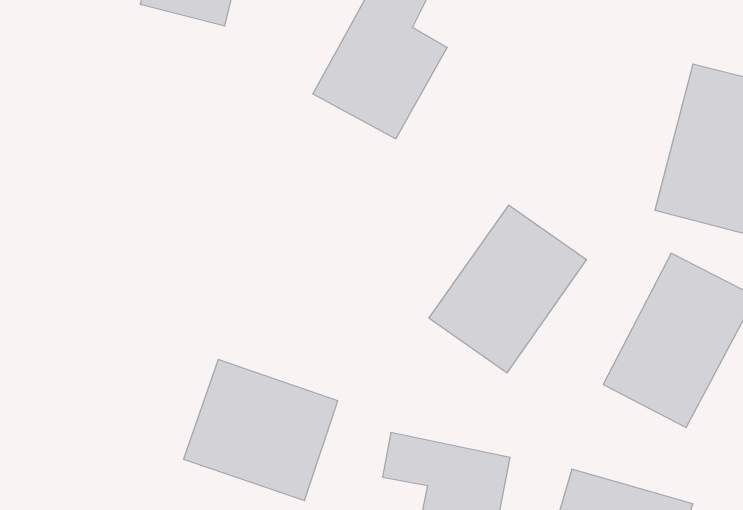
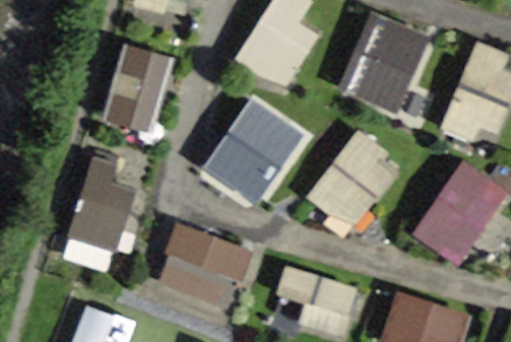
building: none -> [342,13,431,117]
building: none -> [101,43,172,137]
building: none -> [212,100,283,189]
building: none -> [67,166,139,252]

